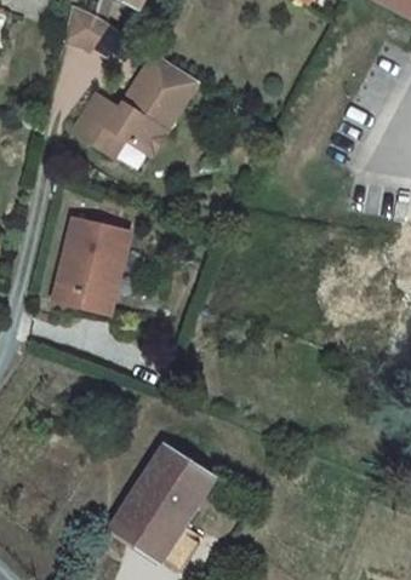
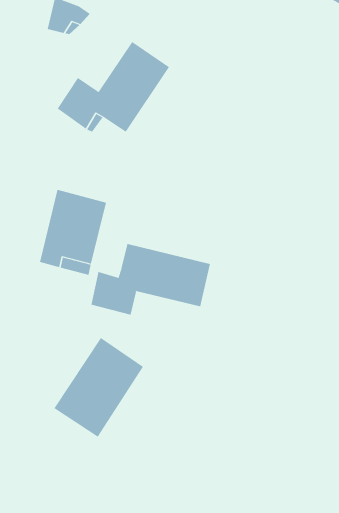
building: none -> [91,243,211,315]
building: [112,448,212,559] -> [54,337,144,437]

